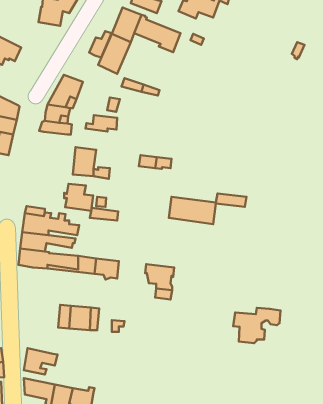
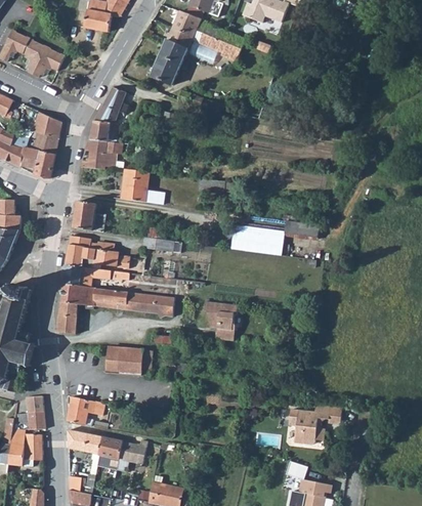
building: [89,31,111,58] -> none
building: [86,115,117,131] -> [79,151,115,169]
building: [64,184,93,211] -> [71,201,103,231]
building: none -> [56,301,76,334]
building: [233,308,280,343] -> [287,404,340,444]

